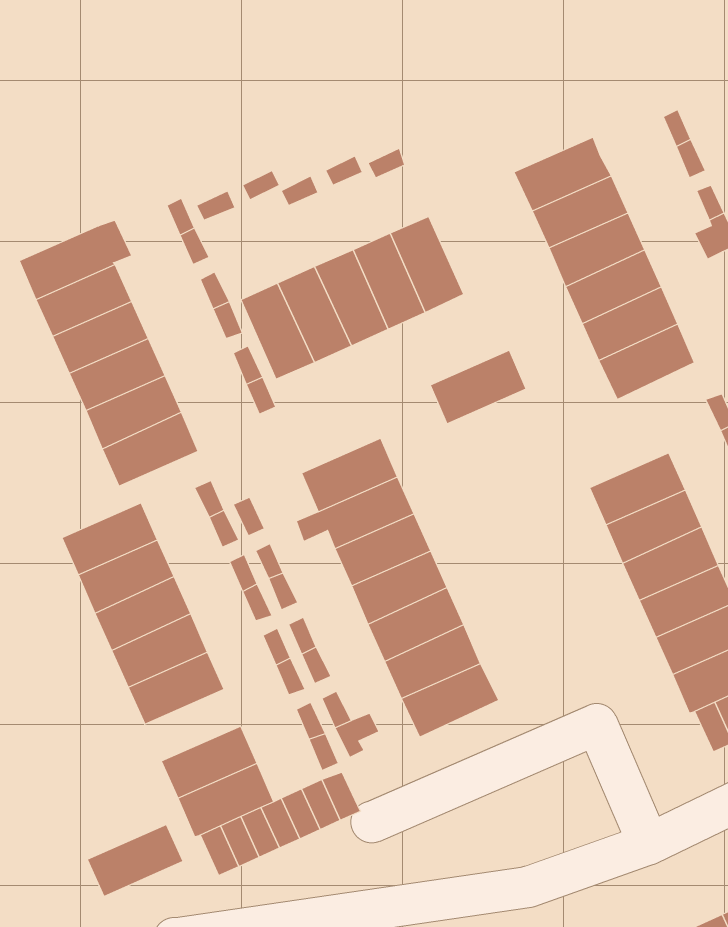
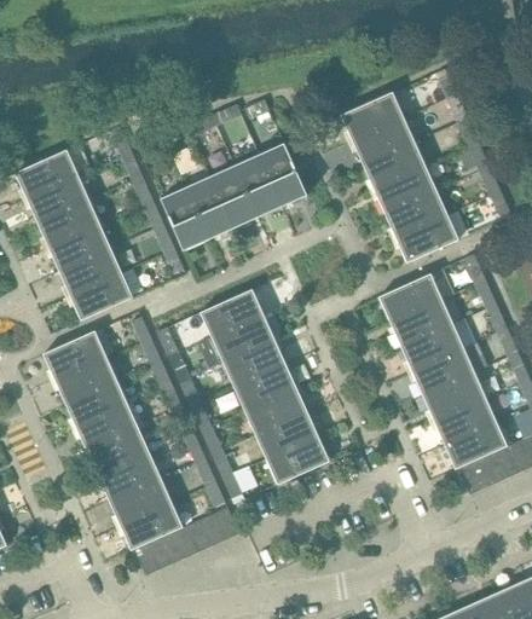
building: [430,350,526,424] -> [378,272,441,320]
building: [87,824,183,896] -> [98,452,161,499]

